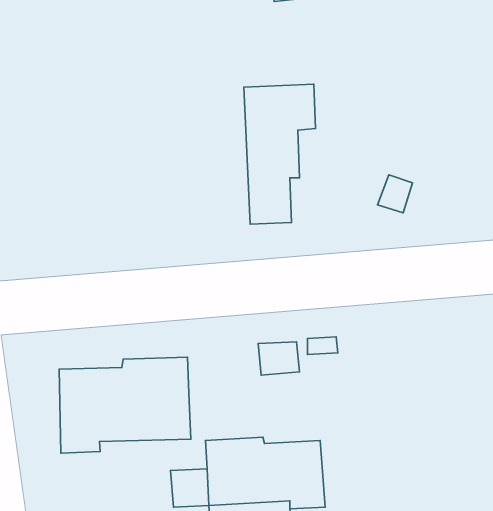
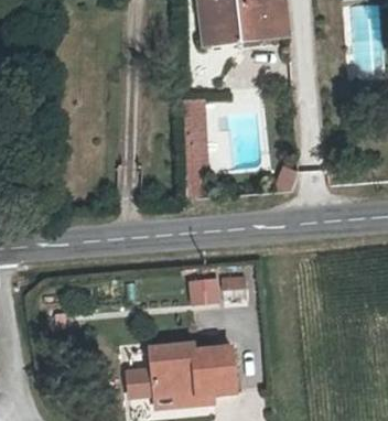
building: [59,357,191,453] -> none

